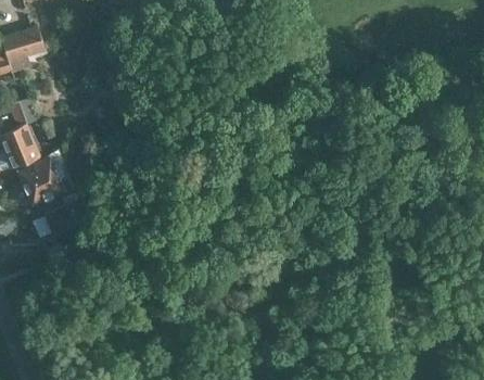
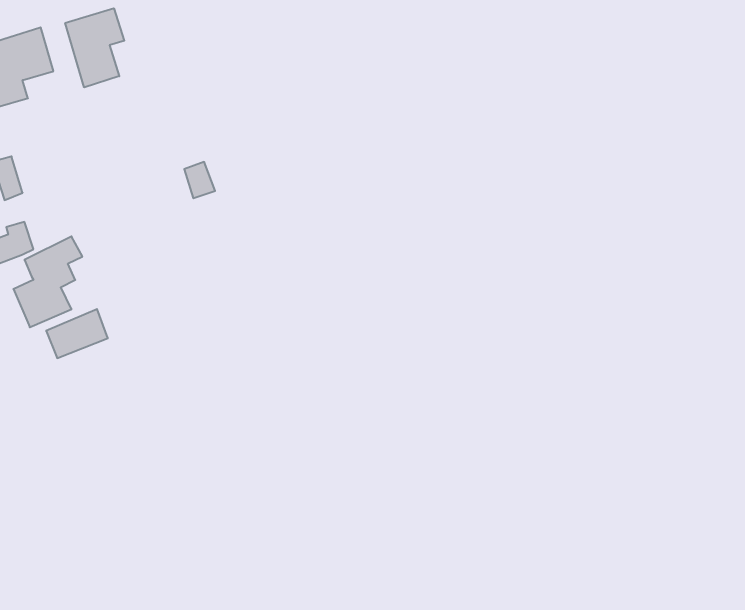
building: none -> [65,8,124,87]

